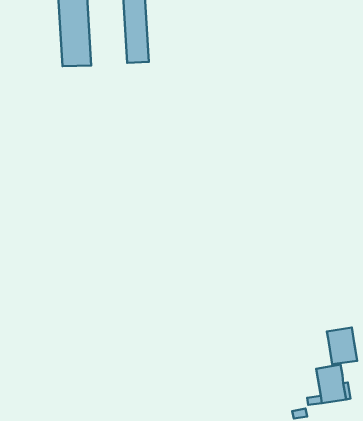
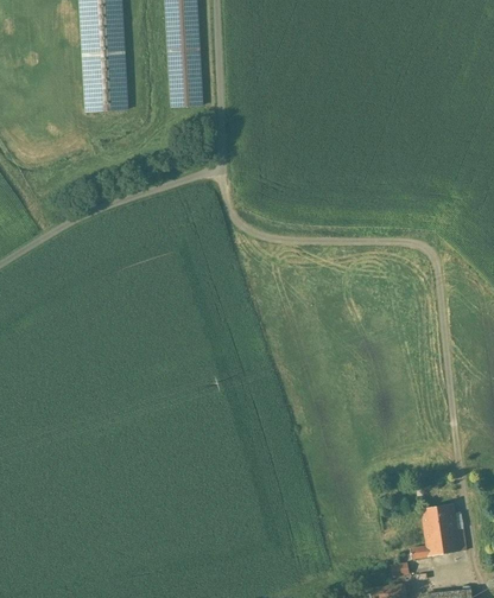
building: [327,327,357,364] -> none

